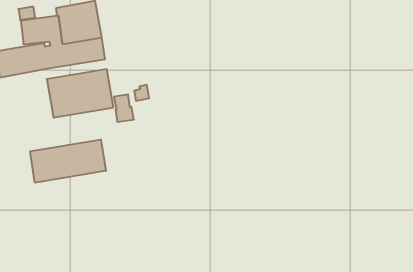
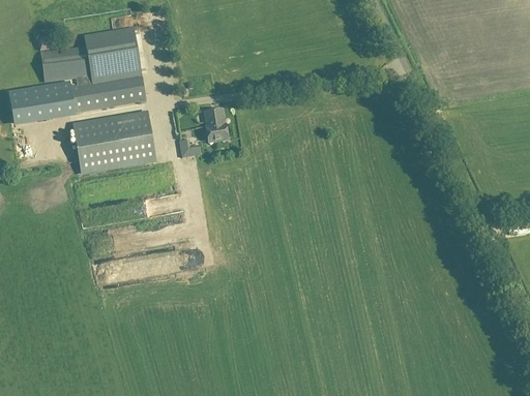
building: [114,94,134,122] -> [204,109,229,143]
building: [30,139,106,183] -> none

